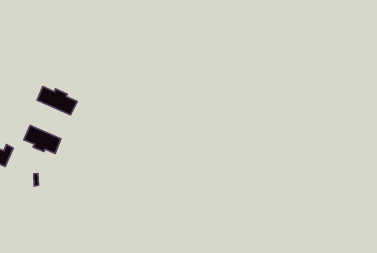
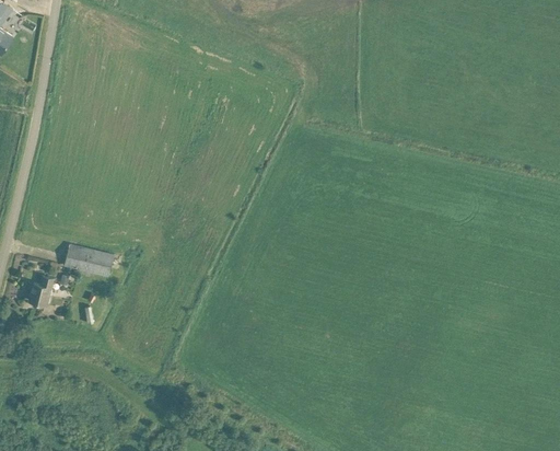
building: [37,86,77,115] -> none

